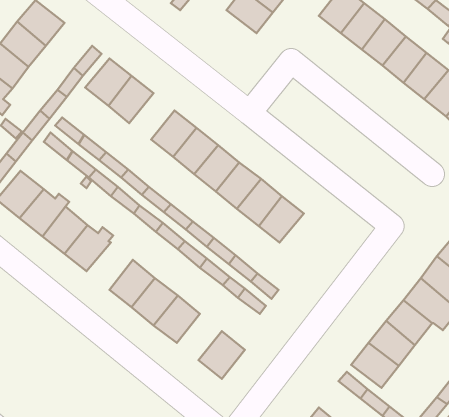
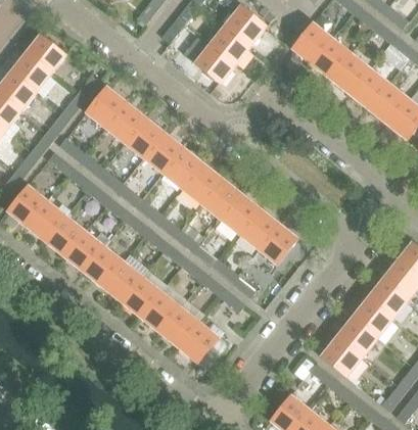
building: none -> [194,43,236,83]
building: none -> [124,116,164,157]
building: none -> [257,223,297,265]
building: none -> [86,248,127,290]
building: none -> [166,312,205,352]

